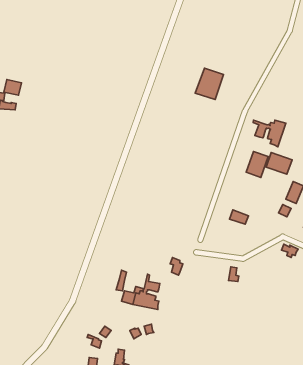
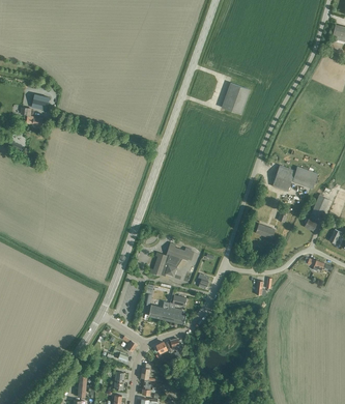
building: [253,120,286,147] -> none
building: none -> [150,242,194,276]

